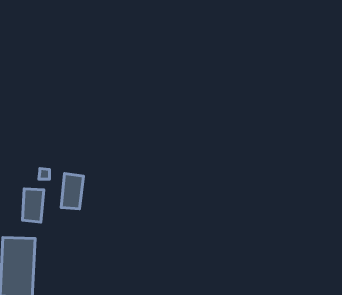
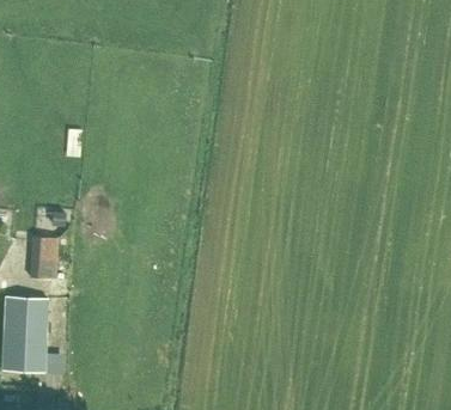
building: [61,173,83,209] -> none

